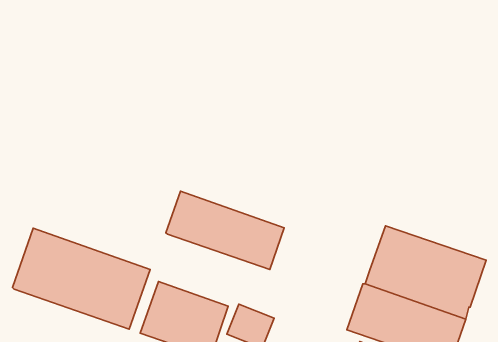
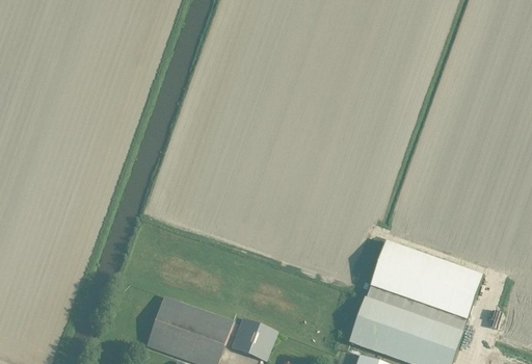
building: [166,191,284,269] -> none
building: [12,228,150,329] -> none

